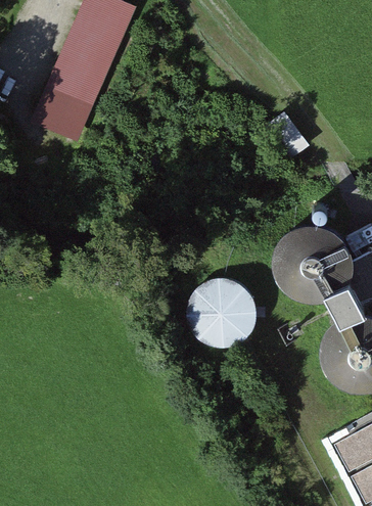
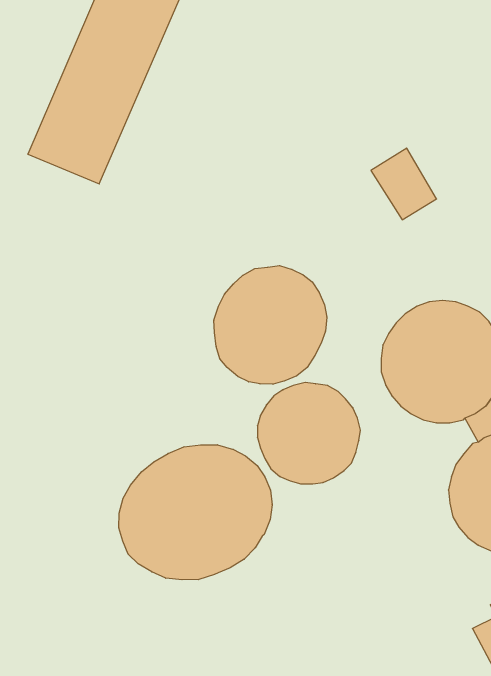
building: none -> [214,266,327,384]
building: none -> [119,445,272,580]

